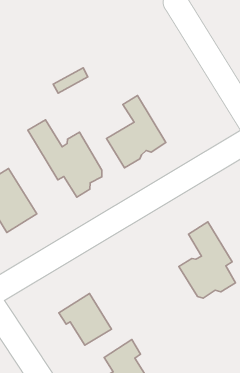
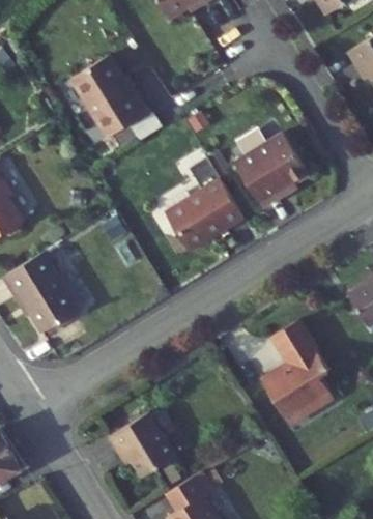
building: none -> [71,55,149,138]
building: none -> [236,134,310,209]
building: [28,120,102,197] -> none

